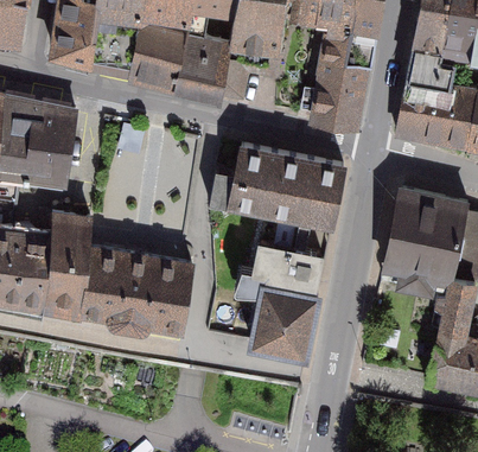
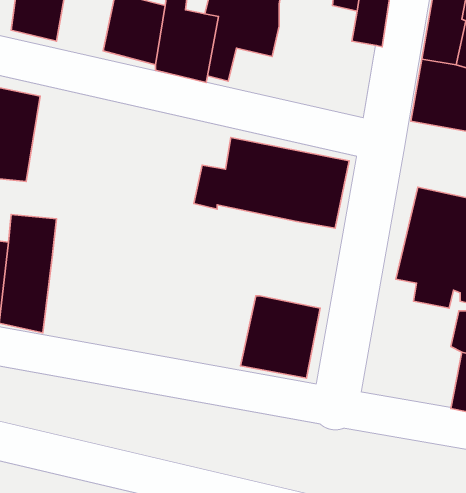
building: [313,30,368,122] -> none
building: [255,212,321,289] -> none
building: [79,244,193,335] -> none

